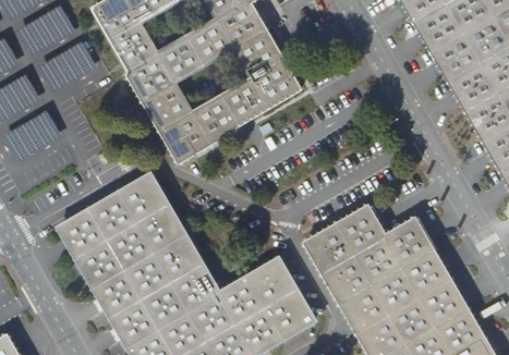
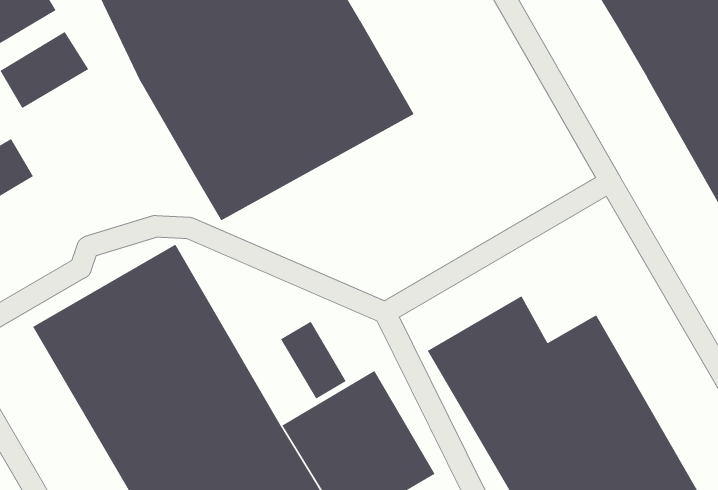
building: none -> [280,321,347,400]

